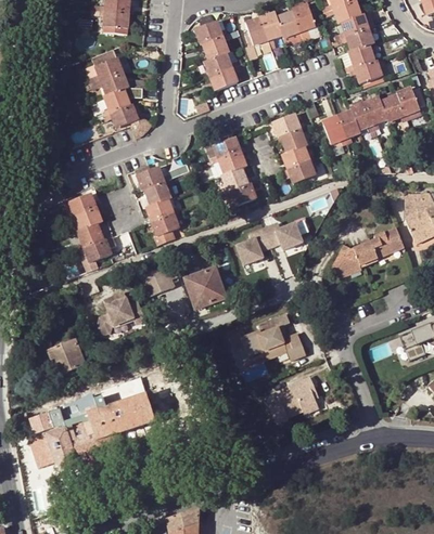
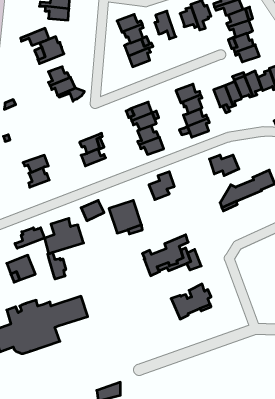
building: [259,12,282,49] -> none
building: [90,73,128,95] -> [21,28,49,45]
building: [136,166,168,190] -> none
building: [62,192,97,217] -> none
building: [151,210,180,245] -> none
building: [263,223,302,250] -> [209,155,239,176]
building: [77,238,111,262] -> none
building: none -> [15,228,44,248]
building: none -> [48,252,66,279]

